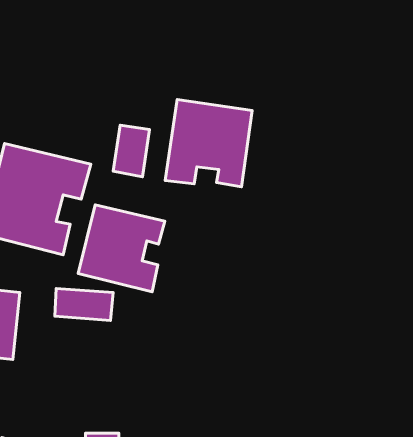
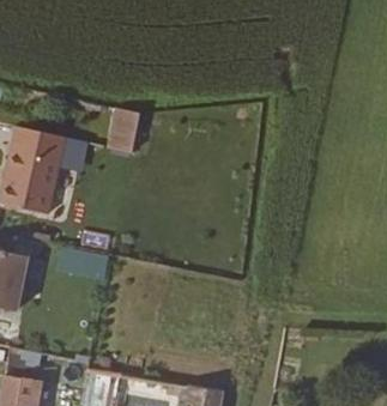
building: [165,100,252,187] -> none
building: [78,205,165,292] -> none

